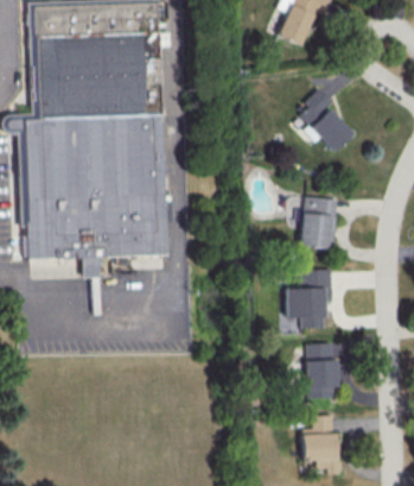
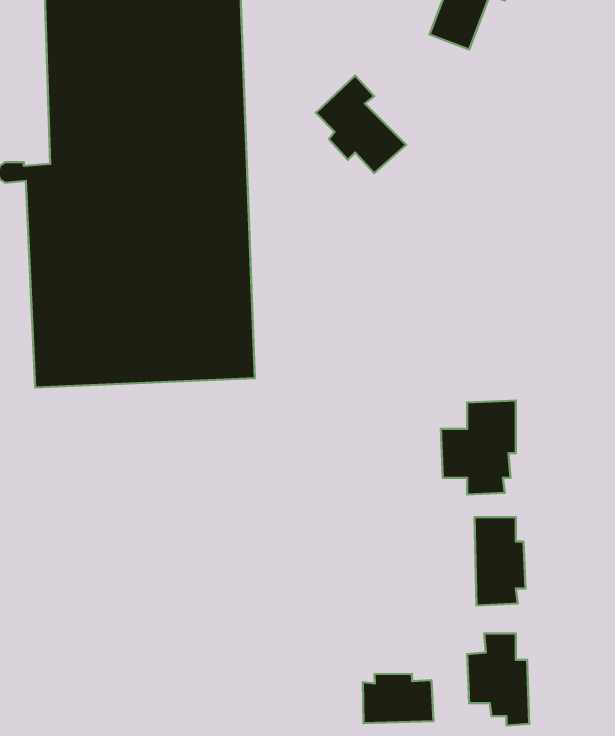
building: [297,90,354,152] -> [316,75,406,173]
building: [300,197,337,251] -> none
building: none -> [363,674,433,723]

